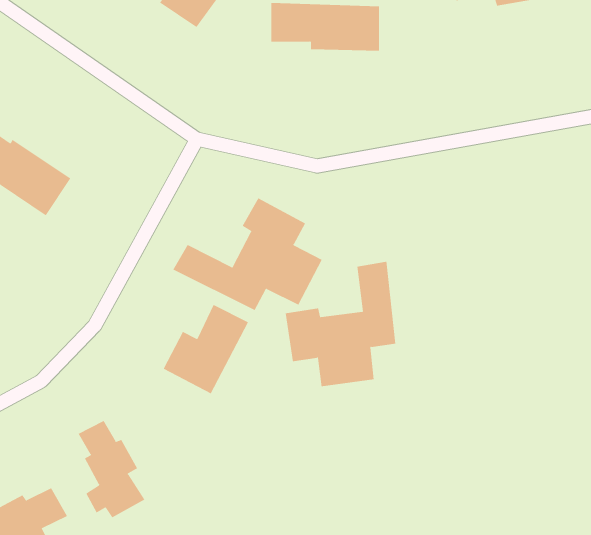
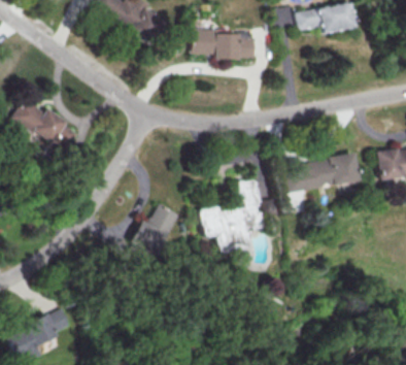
building: [172,197,323,311] -> none
building: none -> [290,153,361,194]
building: [78,420,145,518] -> none

